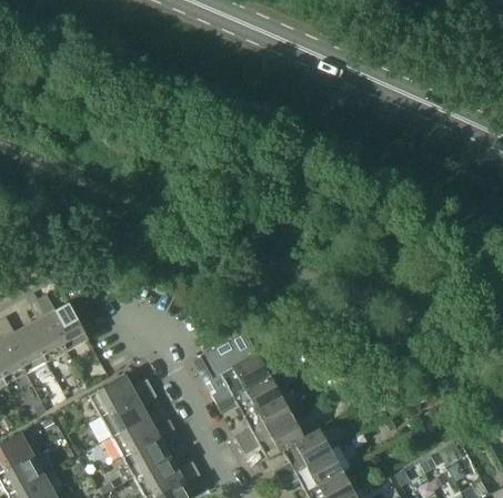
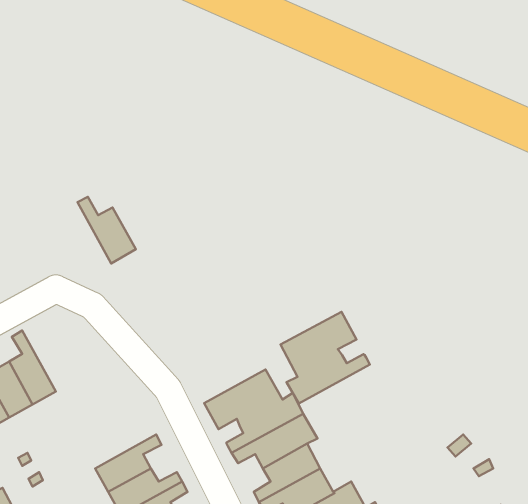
building: none -> [280,312,370,403]
building: [38,294,88,350] -> [77,197,136,263]
building: [89,375,152,416] -> none

